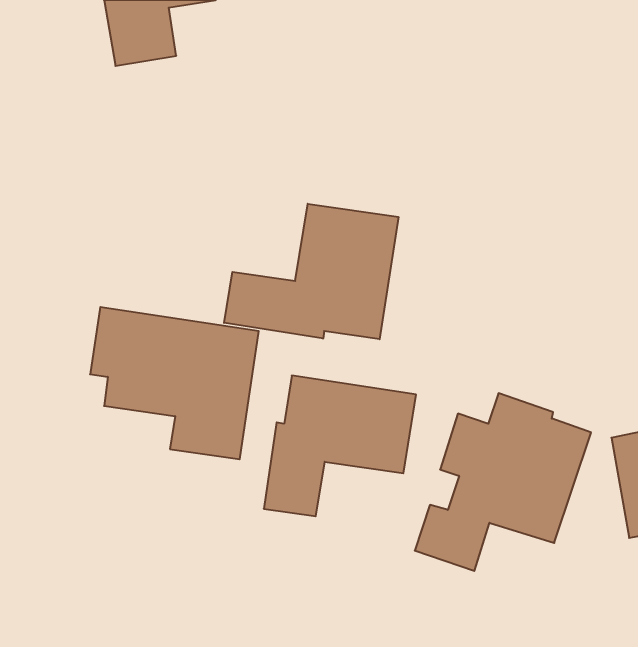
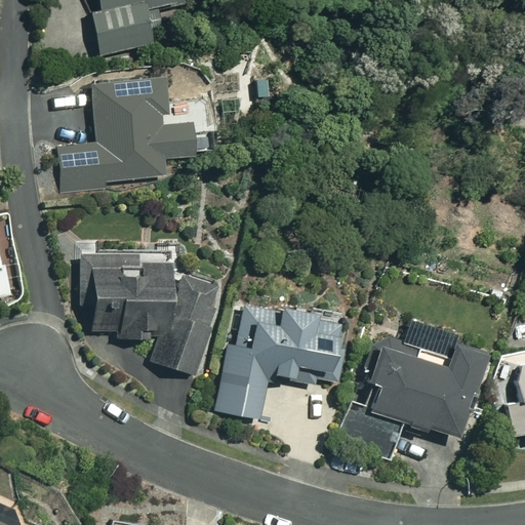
building: none -> [63,77,192,189]
building: [224,204,398,339] -> none

